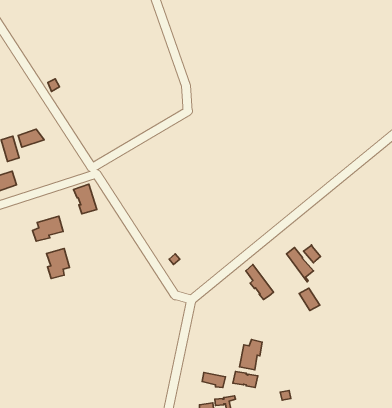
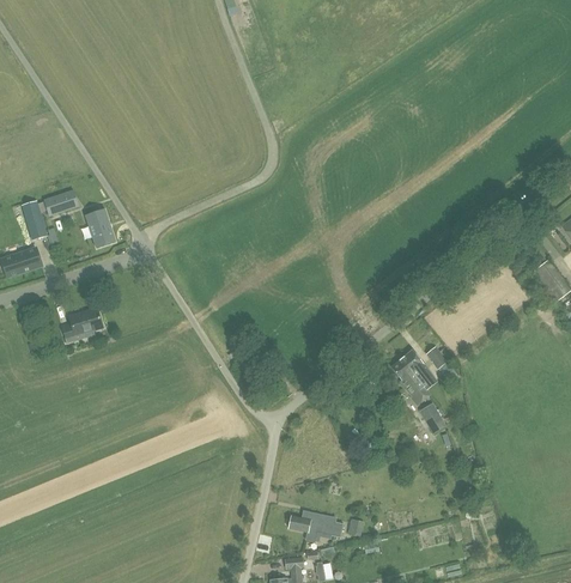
building: [74,184,97,214] -> [84,208,115,248]
building: [46,248,70,278] -> none
building: [246,264,274,299] -> [391,358,429,405]
building: [240,339,262,370] -> none

